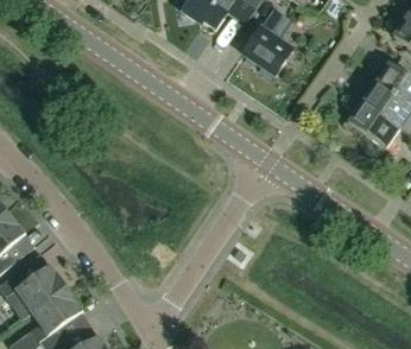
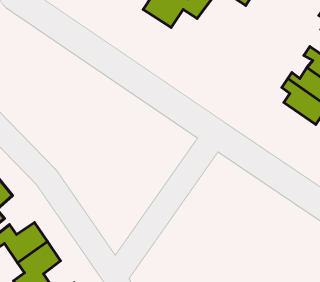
building: [241,11,292,76] -> none

